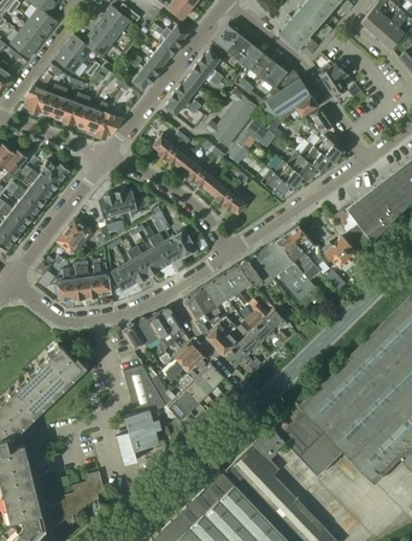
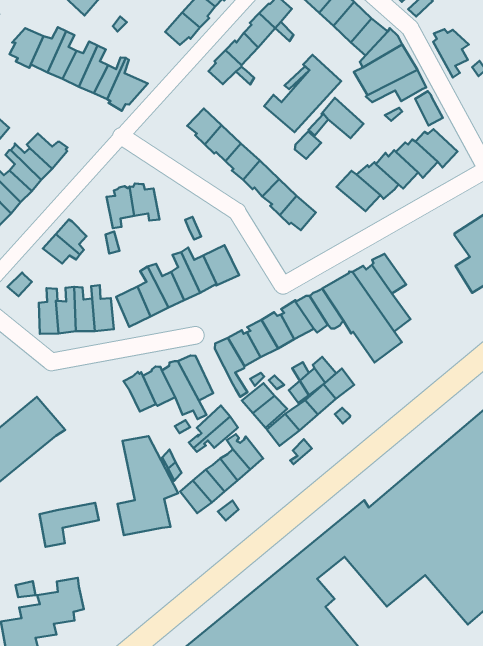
building: [323,237,358,269] -> none
building: [118,431,160,465] -> [40,503,99,547]

